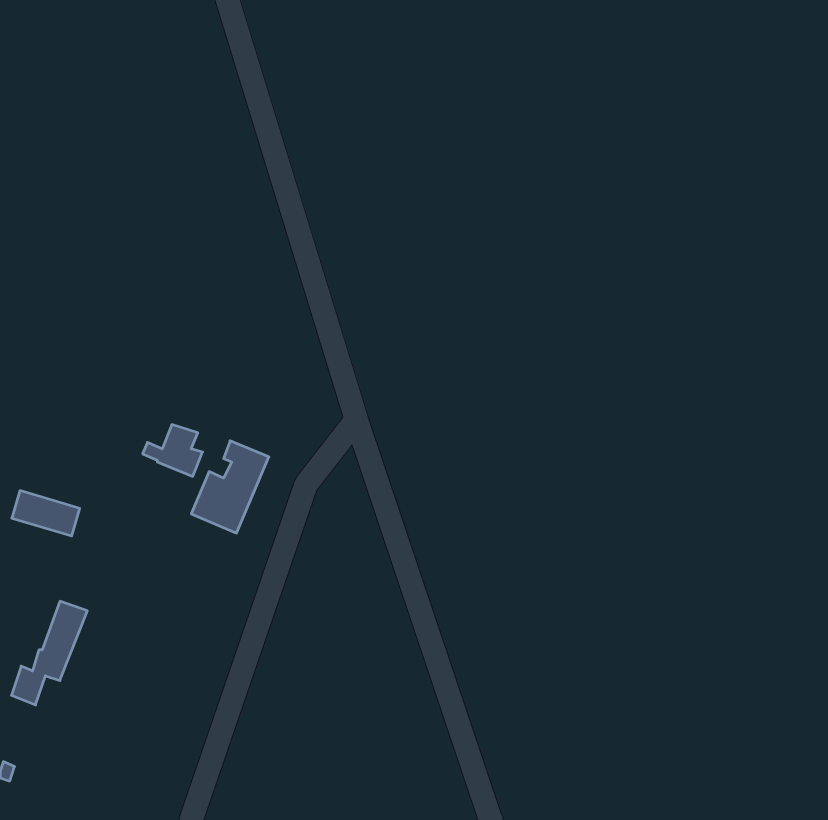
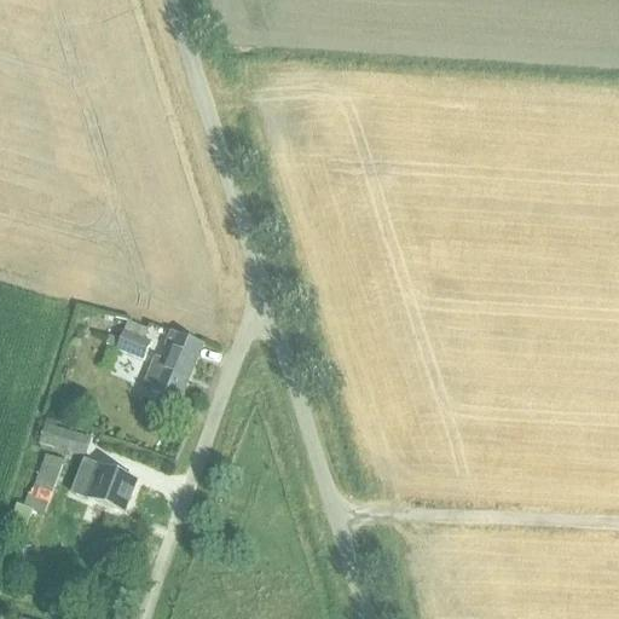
building: [12,491,80,536] -> [40,420,91,453]
building: none -> [76,461,135,508]

